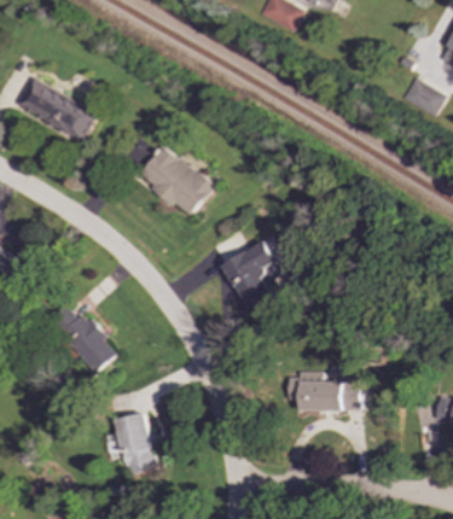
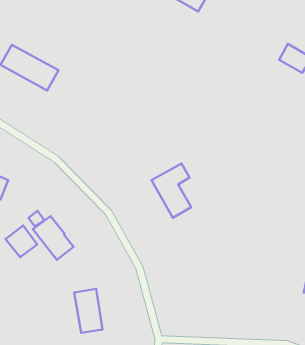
building: [134,145,210,215] -> none
building: none -> [6,226,37,257]
building: [288,371,360,412] -> none

